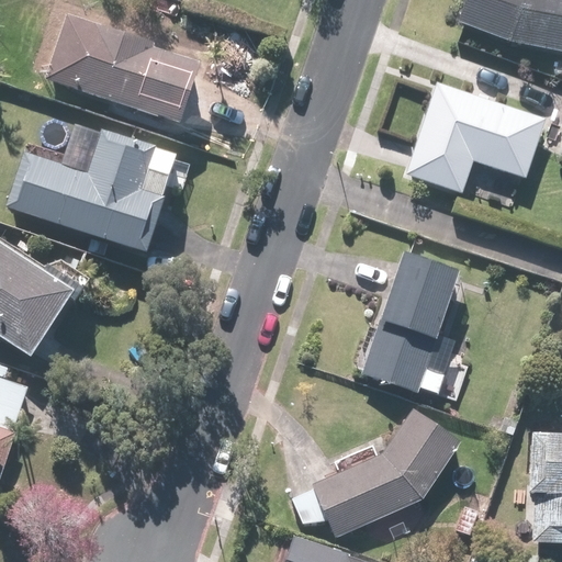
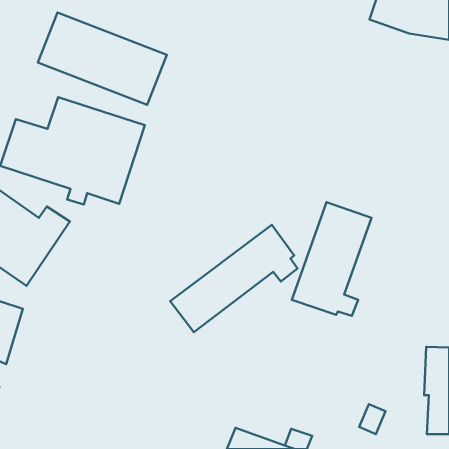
building: [405,81,547,190] -> none
building: none -> [170,225,297,332]
building: [311,405,462,537] -> none

